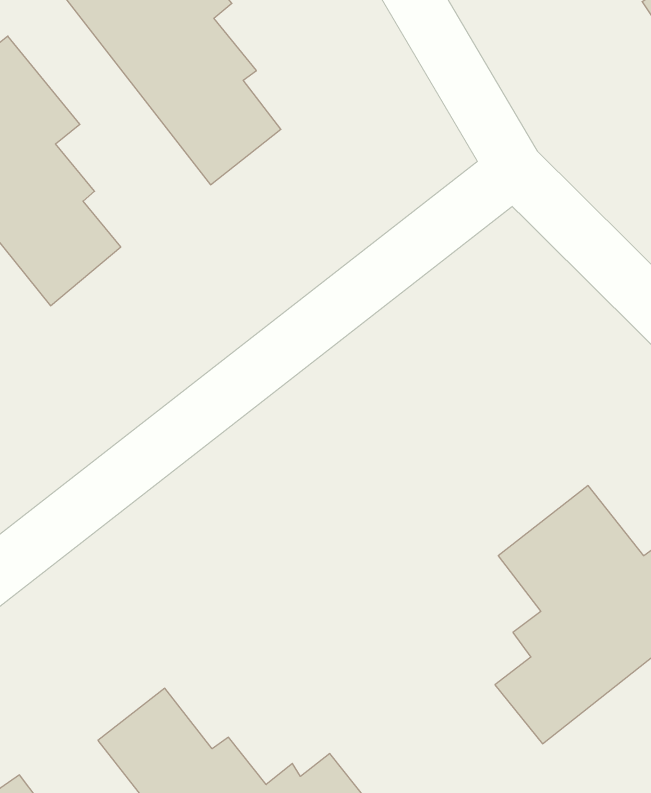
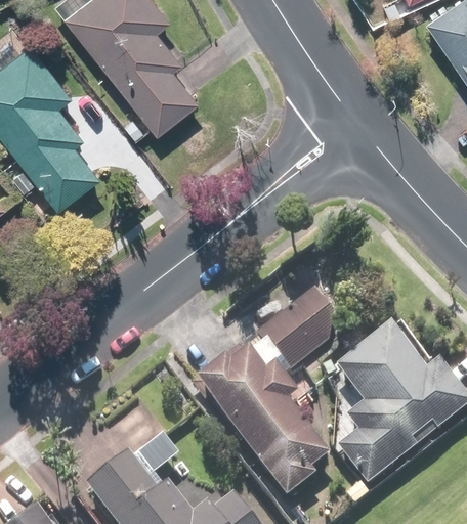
building: none -> [197,290,345,498]

